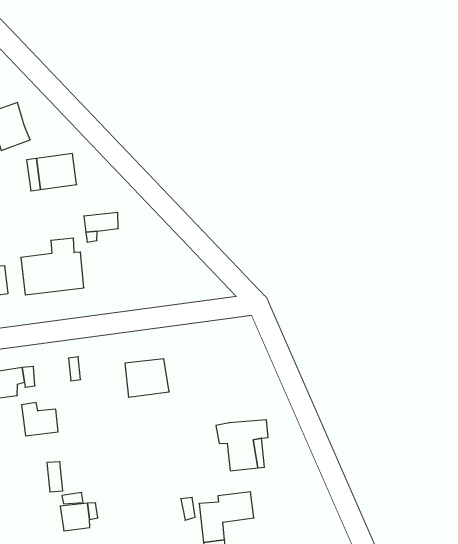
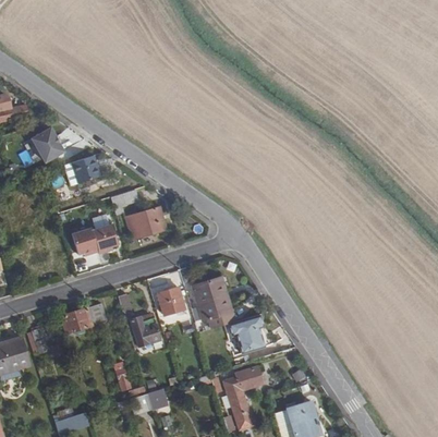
building: none -> [125,207,162,240]
building: none -> [193,277,235,328]
building: [21,403,58,436] -> [131,316,159,340]

